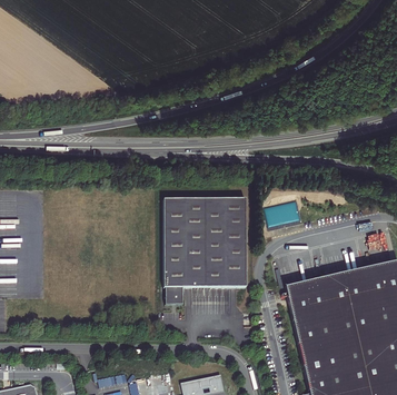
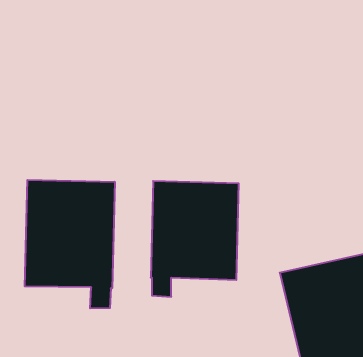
building: none -> [25,180,115,308]

